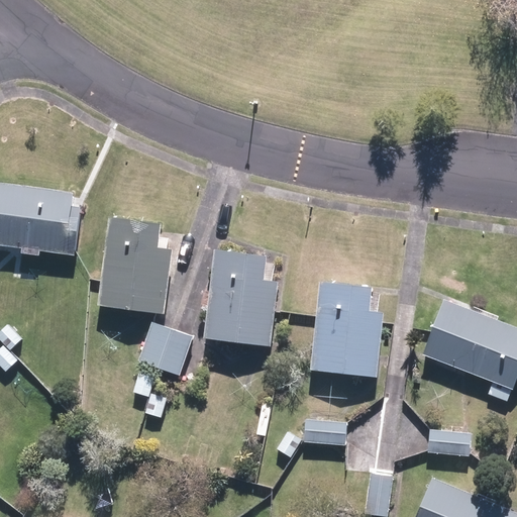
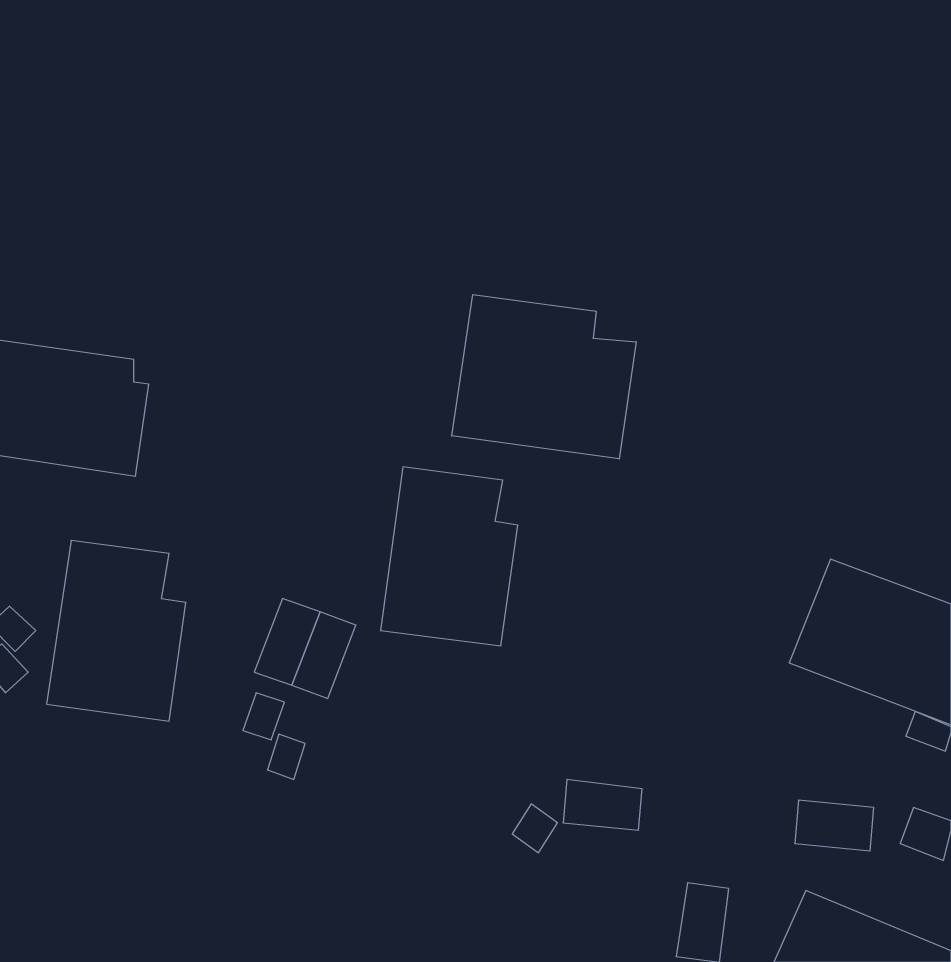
building: none -> [452,295,636,459]
building: [97,217,172,314] -> [47,540,186,721]
building: [309,281,383,377] -> none

